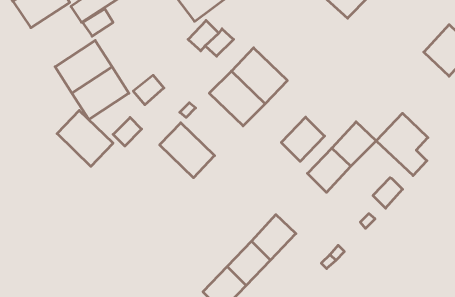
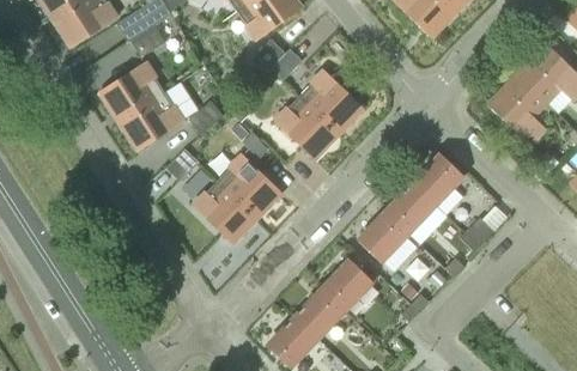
building: [57,110,113,166] -> [194,180,257,243]
building: [376,113,428,176] -> [488,74,547,145]
building: [281,117,325,161] -> [359,212,408,262]

